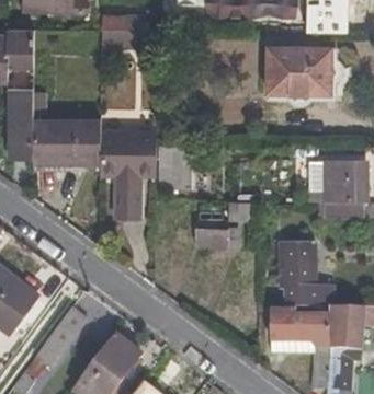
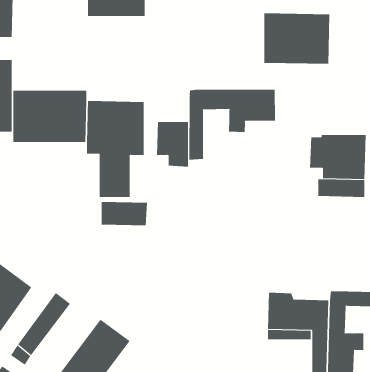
building: none -> [189,89,275,161]
building: [195,227,239,250] -> [101,201,148,226]
building: [277,242,336,306] -> none

